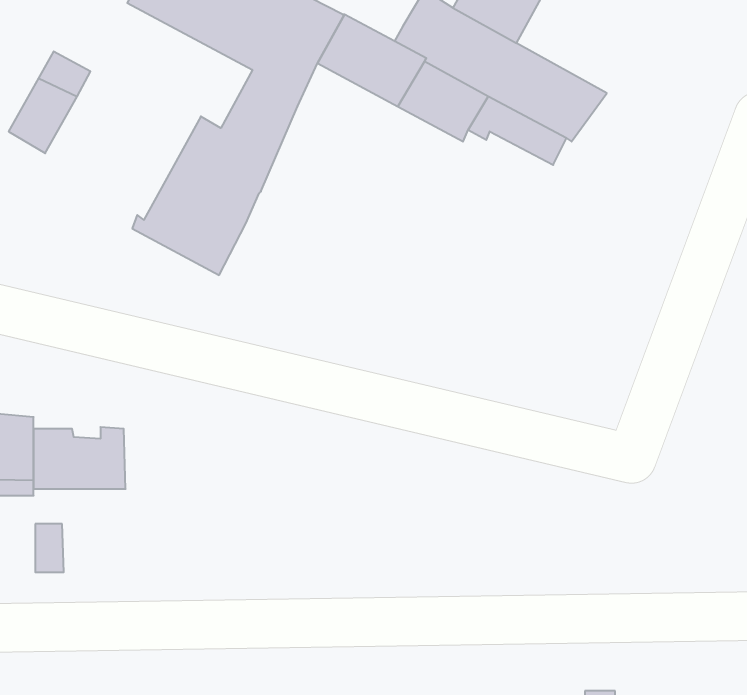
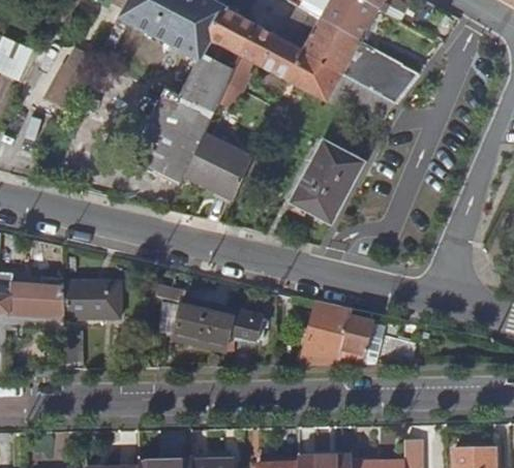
building: none -> [183,132,252,199]
building: none -> [291,141,363,218]
building: none -> [154,279,263,348]
building: none -> [300,301,414,364]

